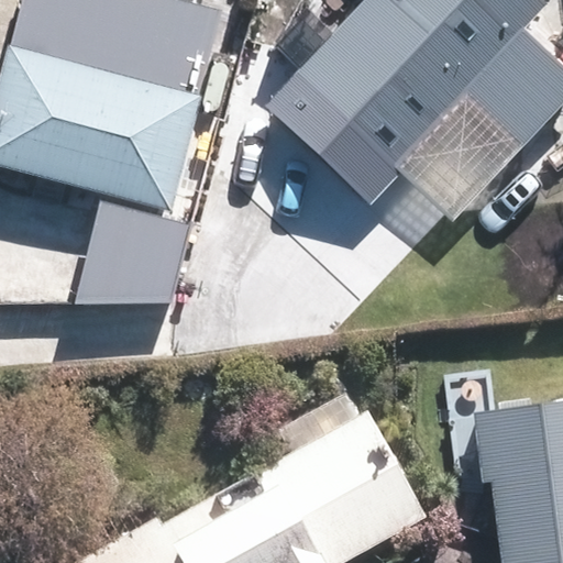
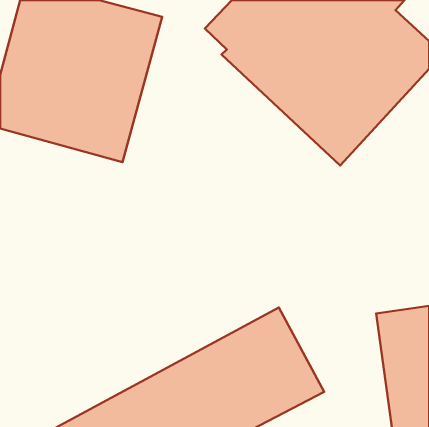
building: [81,220,188,303] -> none

